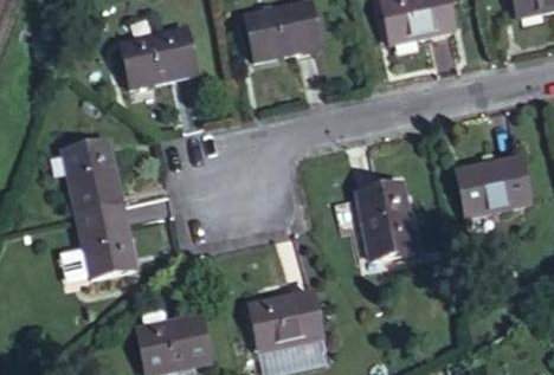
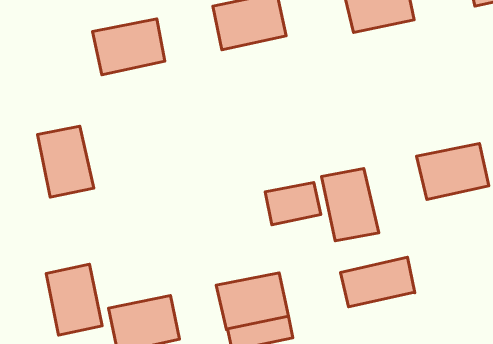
building: none -> [265,182,321,225]
building: [77,203,135,277] -> [46,264,102,335]
building: none -> [341,257,415,307]

